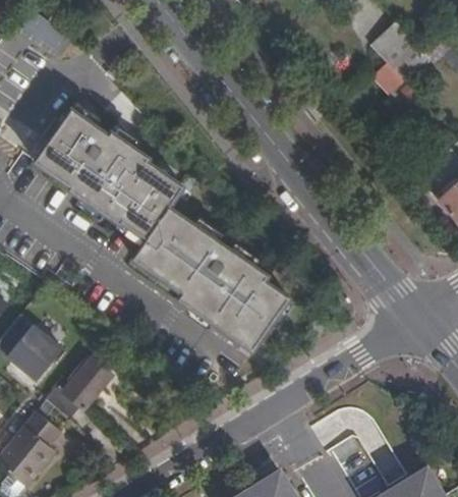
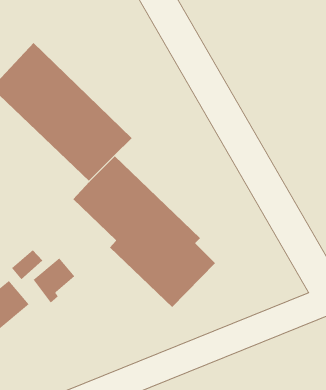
building: none -> [33,257,75,303]

